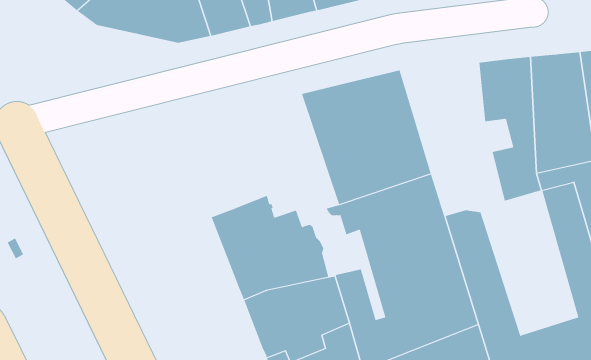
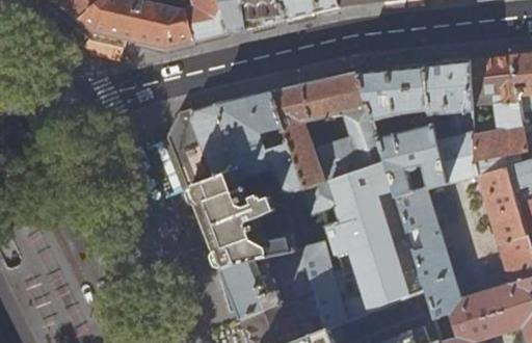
building: none -> [357,63,447,195]
building: none -> [170,90,304,196]

